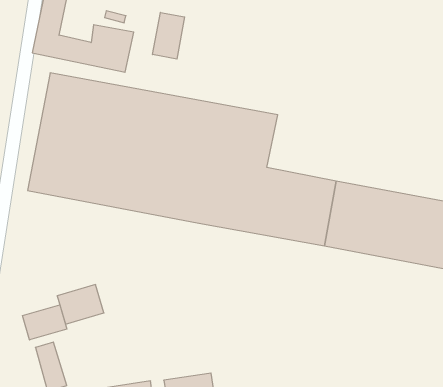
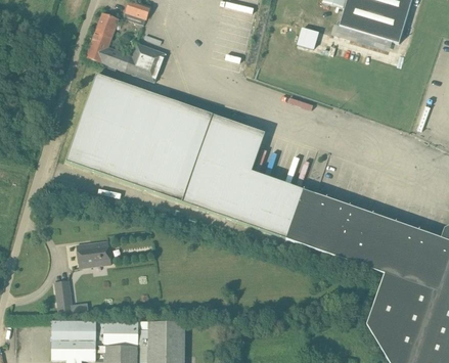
building: [153,12,185,59] -> none
building: [23,305,67,340] -> none

